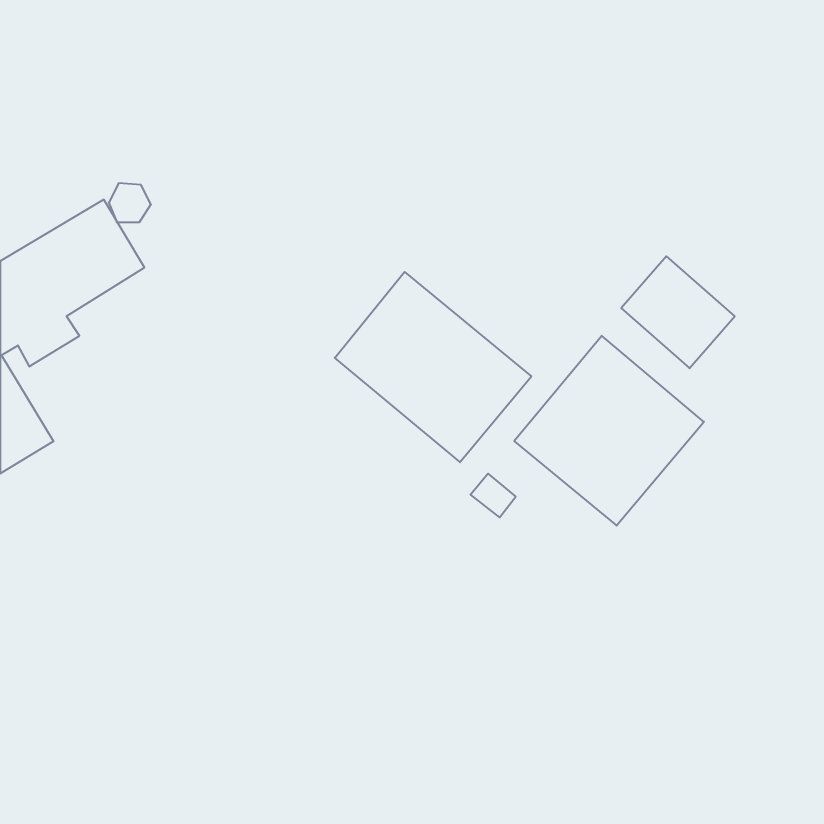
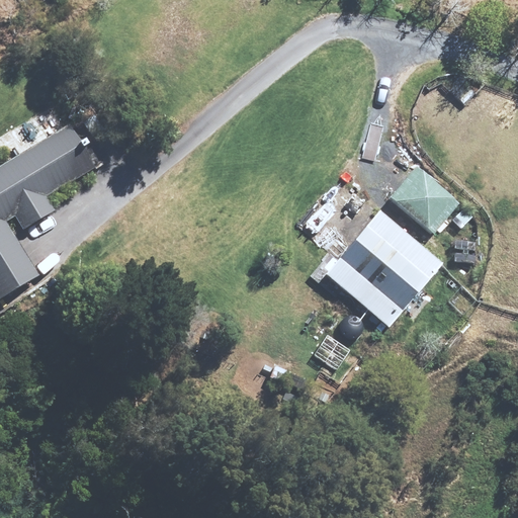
building: [335,272,531,462] -> none

